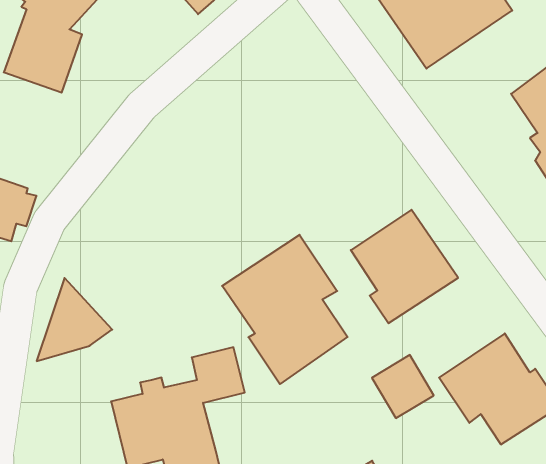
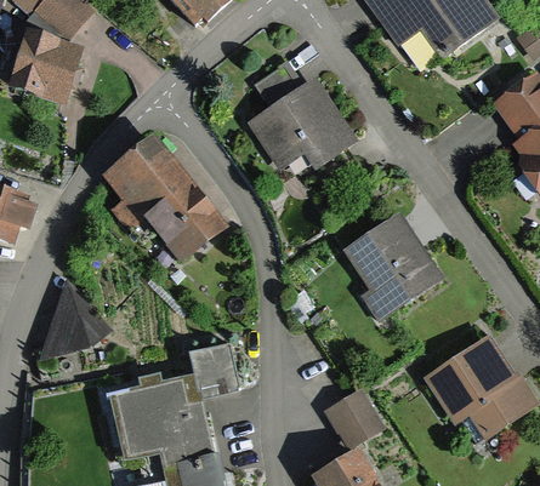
building: none -> [246,59,357,185]
building: none -> [101,132,229,264]
building: [222,235,348,384] -> none
building: [372,355,434,418] -> [325,390,385,451]

